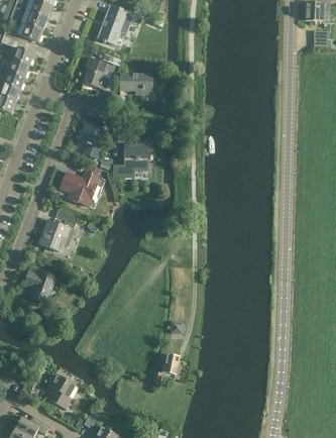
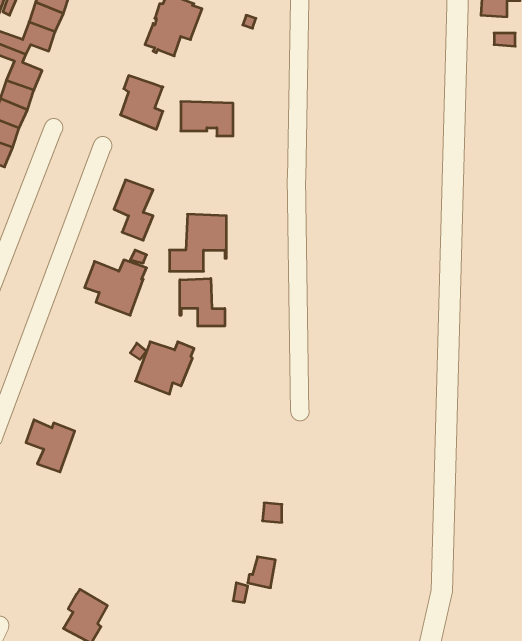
building: none -> [180,278,225,326]
building: [38,219,75,251] -> [135,342,194,394]

